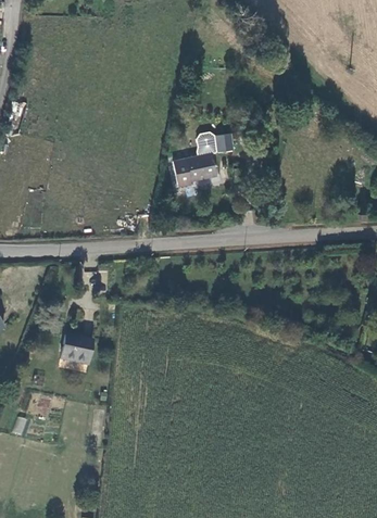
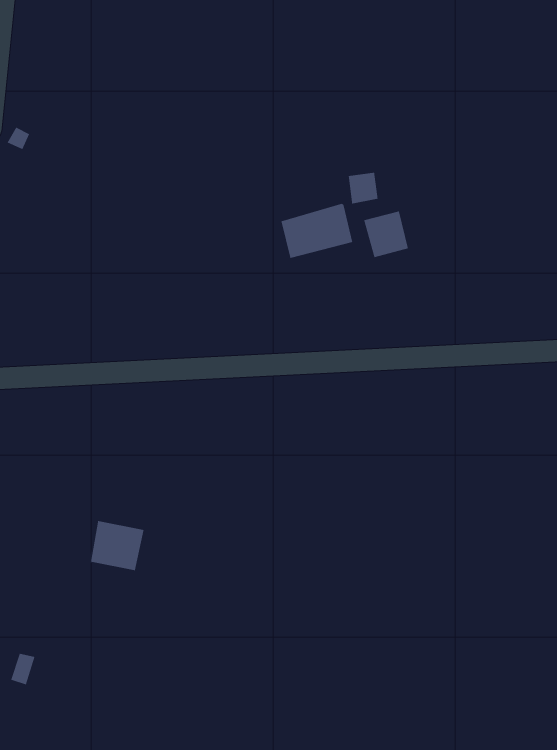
building: none -> [363,210,409,258]

